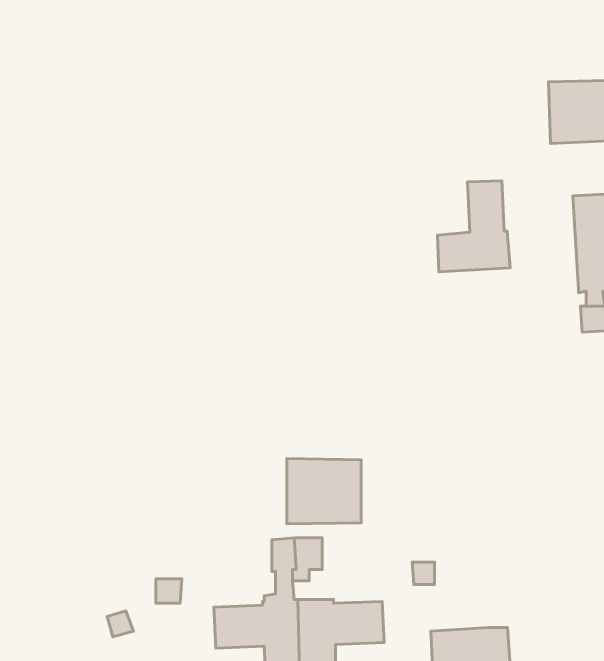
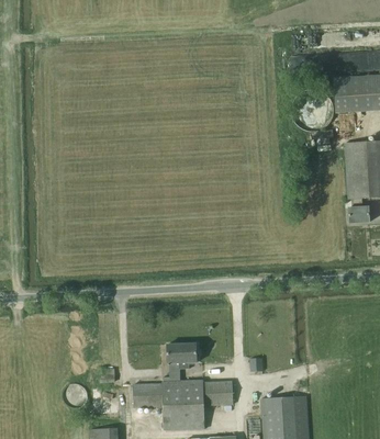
building: [438,181,510,272] -> none
building: [287,459,361,524] -> none

